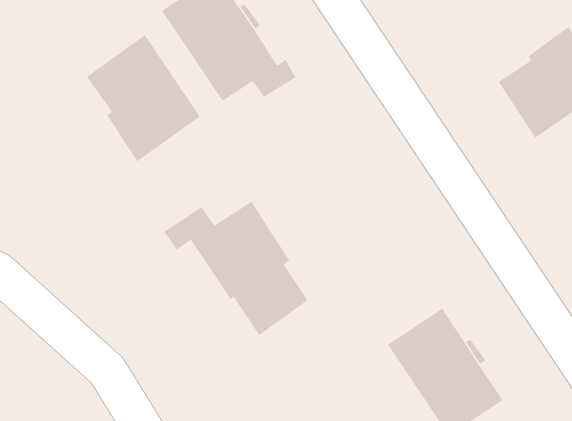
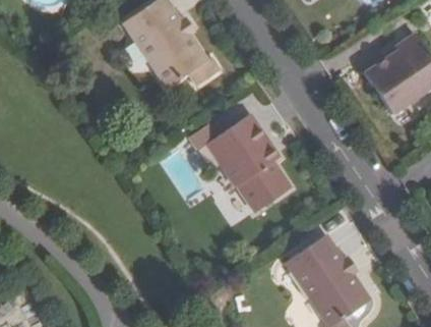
building: [86,34,200,162] -> none
building: [164,201,309,336] -> [188,115,292,212]

